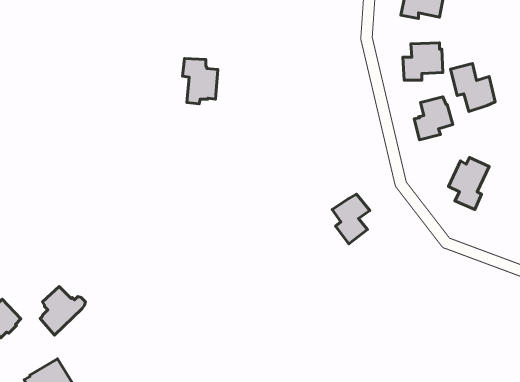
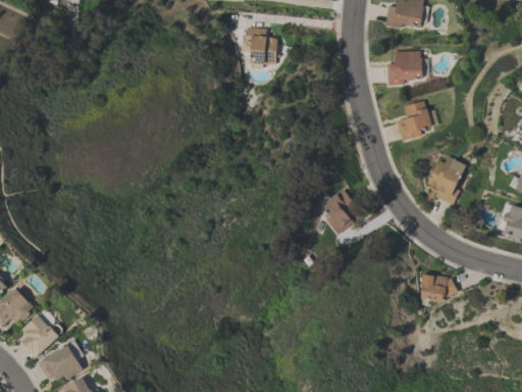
building: [182,58,218,104] -> [245,28,277,69]
building: [450,64,495,112] -> none
building: none -> [419,274,457,302]
building: [40,286,86,335] -> [21,313,63,358]

